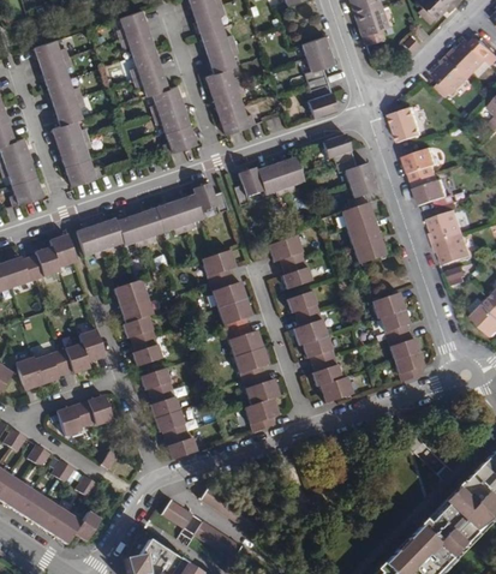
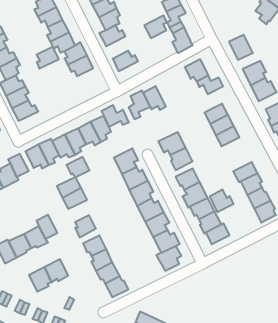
building: [211,85,245,115] -> [144,15,167,38]
building: [162,125,195,154] -> [37,47,59,69]
building: [275,156,304,195] -> none
building: [347,177,377,208] -> none
building: [121,316,154,343] -> [66,157,90,177]
building: none -> [210,189,234,212]

